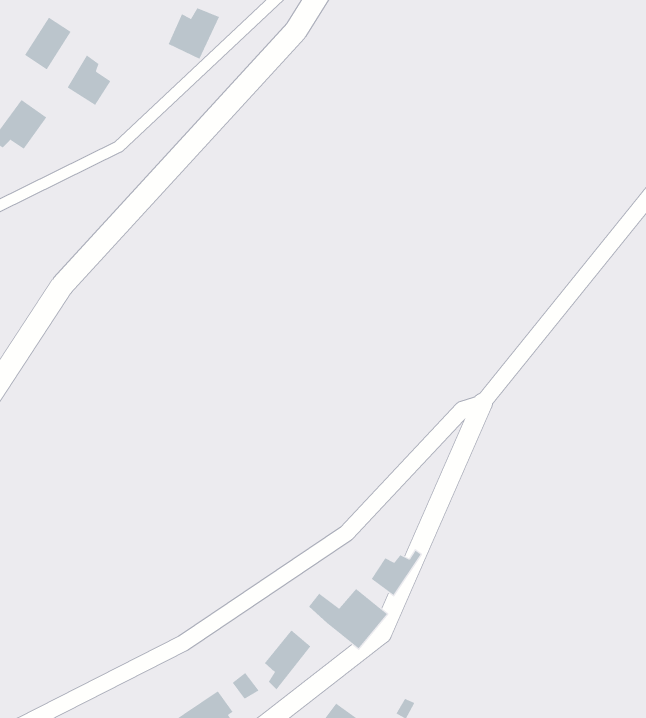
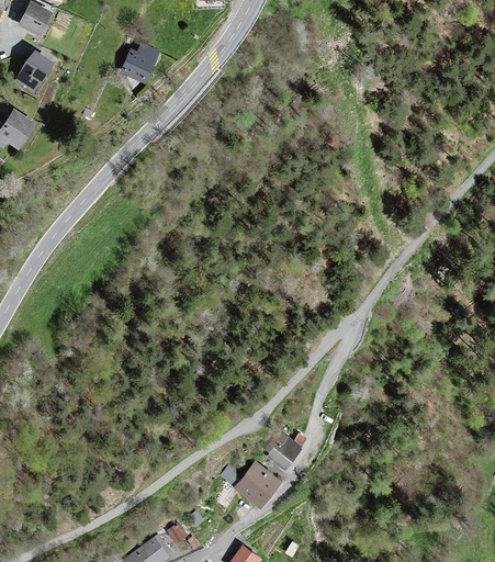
building: [67,55,111,106] -> none
building: [264,630,311,690] -> none

